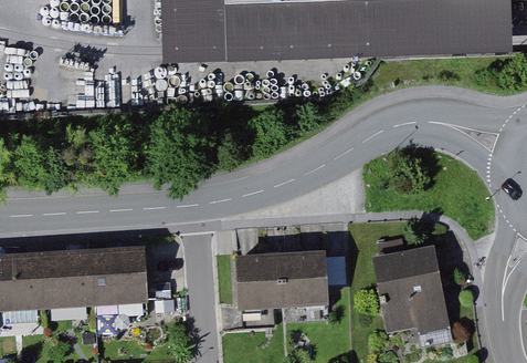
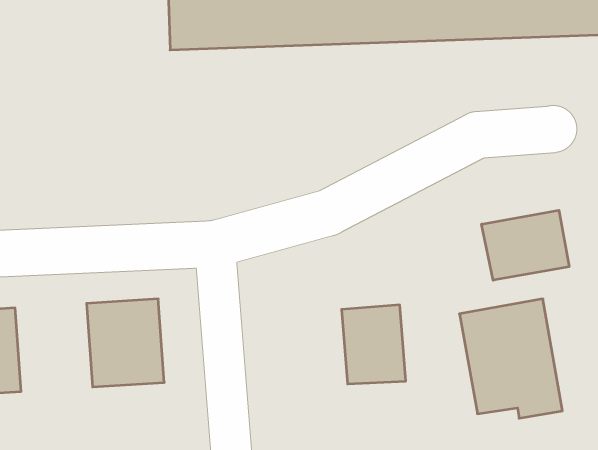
building: none -> [482,210,569,280]
building: [49,249,106,314] -> none
building: [247,253,295,312] -> none

